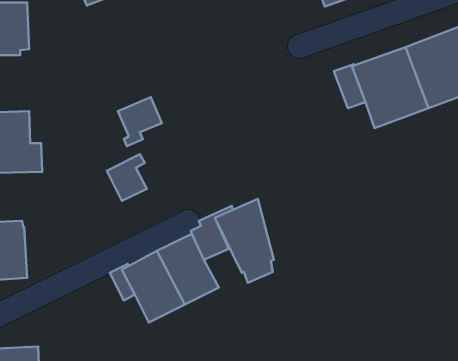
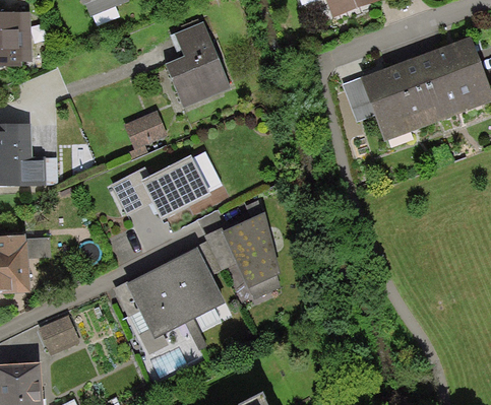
building: none -> [165,20,231,107]
building: none -> [140,155,210,220]
building: none -> [39,314,80,354]

